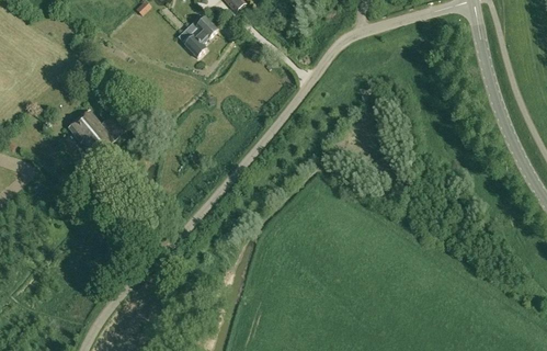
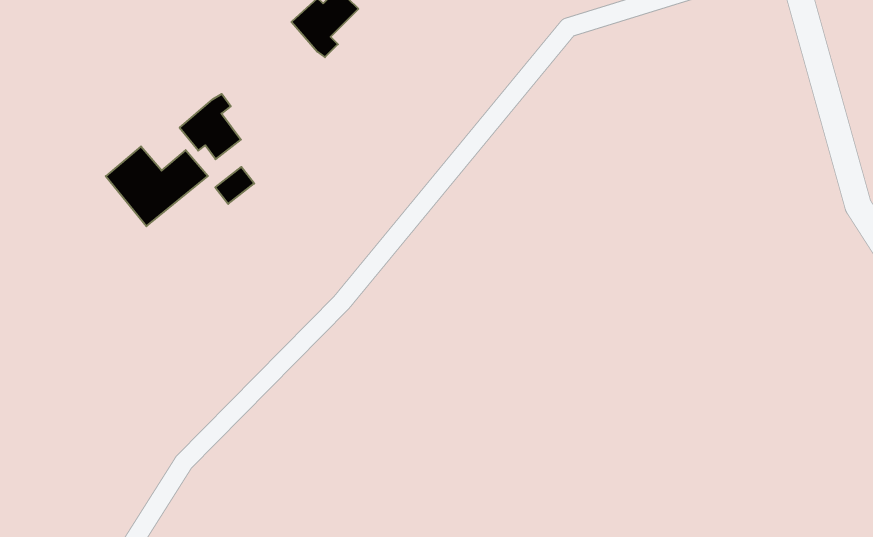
building: none -> [180,94,241,159]

